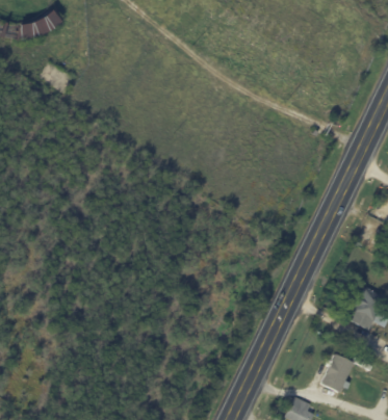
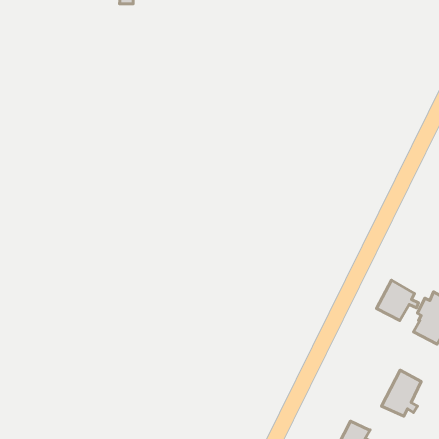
building: none -> [377,280,419,320]

